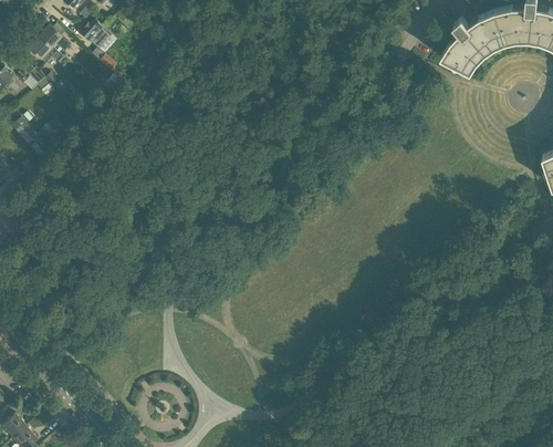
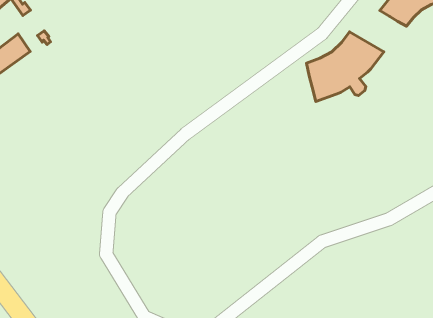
building: none -> [307,32,384,101]

